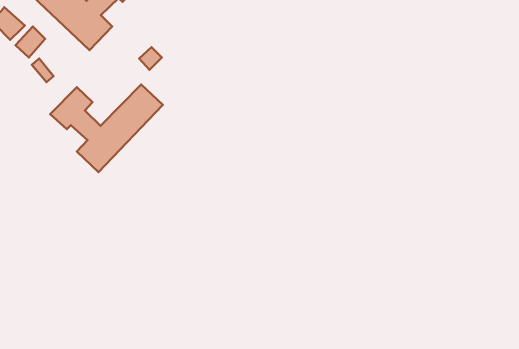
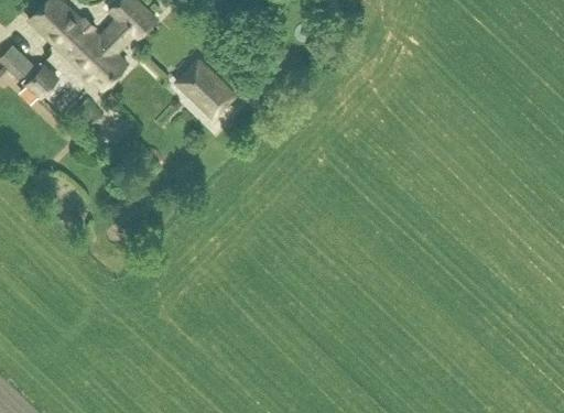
building: none -> [175,59,236,118]
building: [50,84,163,172] -> none

